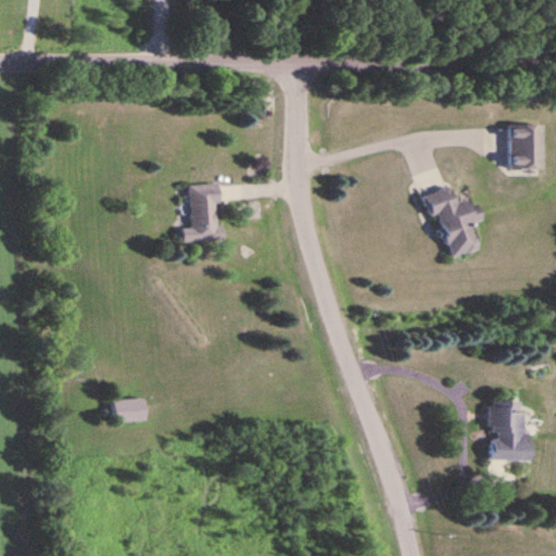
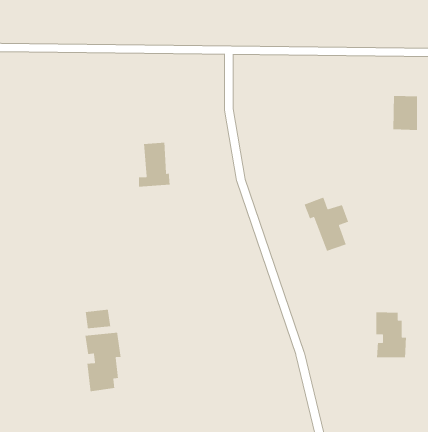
building: [422,187,481,257] -> [303,197,349,252]
building: none -> [85,332,121,392]

